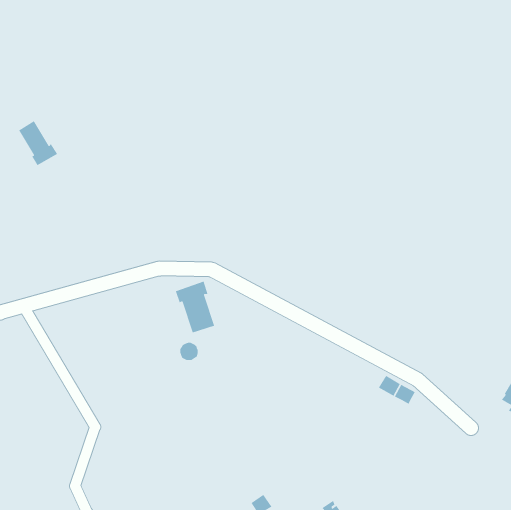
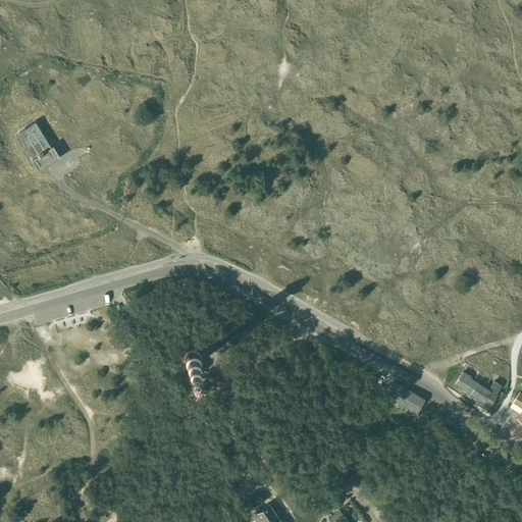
building: [175,280,215,334] -> none
building: none -> [456,374,502,407]

